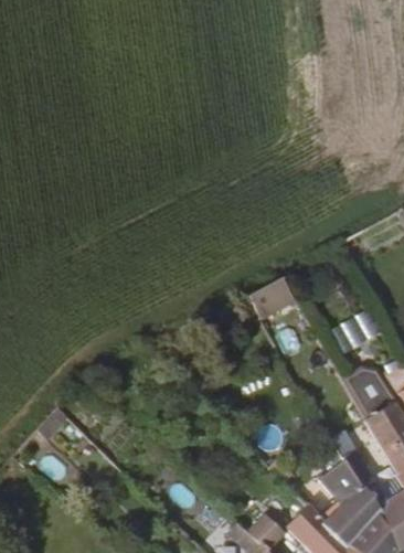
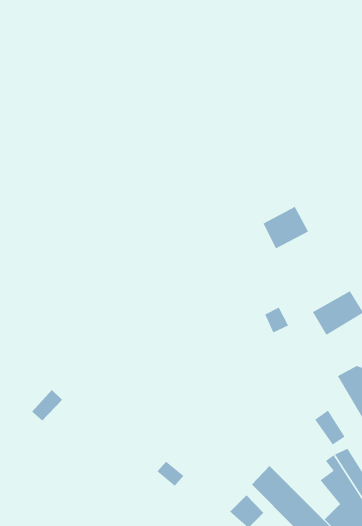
building: [247,277,295,321] -> [262,206,309,249]

